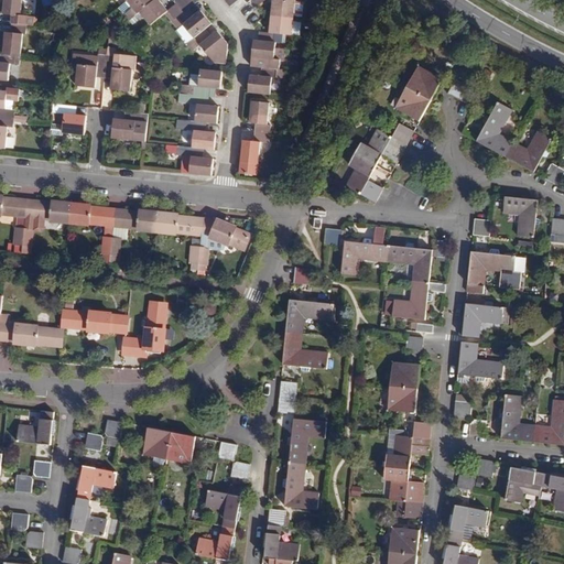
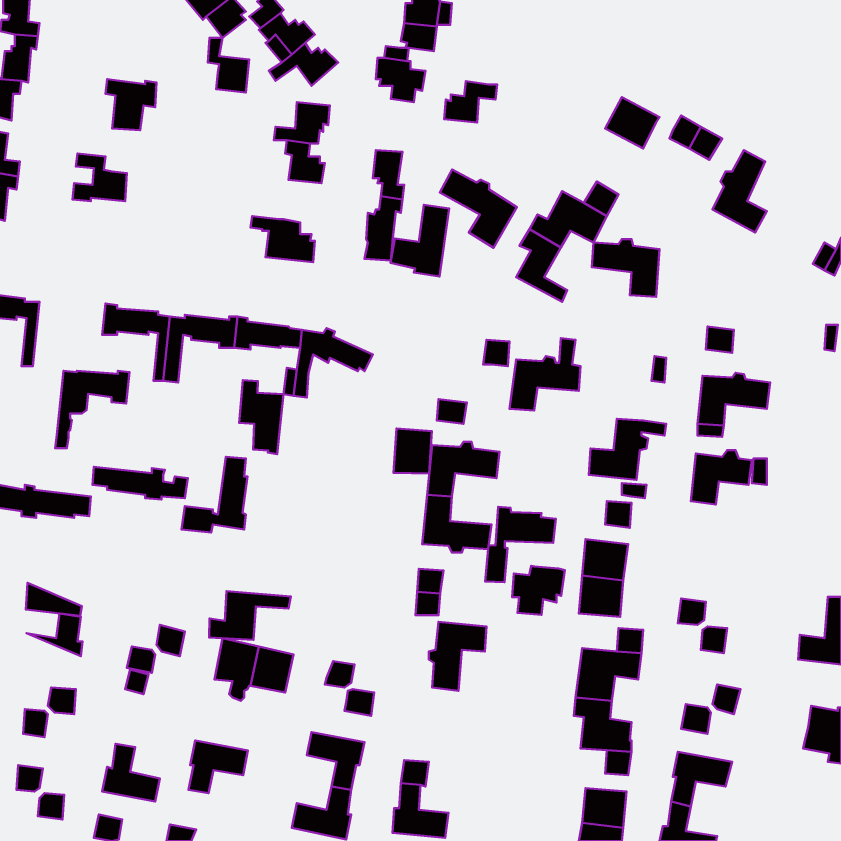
building: [104,55,131,91] -> [208,38,249,92]
building: [247,66,282,94] -> [444,81,497,123]
building: [392,86,430,120] -> none
building: [110,111,148,140] -> none
building: none -> [440,170,517,248]
building: [187,120,214,149] -> none
building: [505,131,552,172] -> none
building: none -> [390,205,449,276]
building: [502,195,540,236] -> none
building: [21,202,70,253] -> [55,371,129,448]
building: [387,242,432,281] -> [592,239,660,297]
building: none -> [239,380,284,454]
building: none -> [393,428,432,474]
building: none -> [485,507,556,582]
building: [457,340,503,380] -> none
building: none -> [512,566,565,615]
building: [498,393,534,441] -> none
building: none -> [209,591,291,640]
building: [17,423,54,445] -> [26,583,82,616]
building: [282,459,318,507] -> none
building: [502,463,542,502] -> none
building: [77,464,117,499] -> [189,740,248,793]

